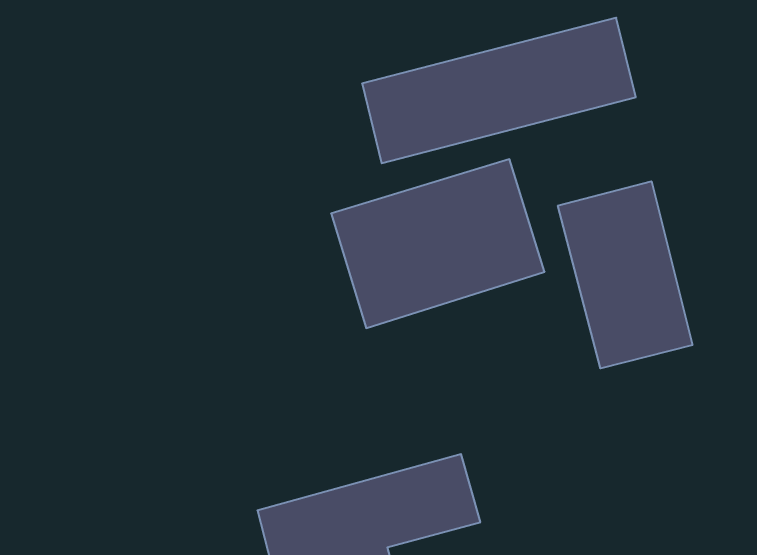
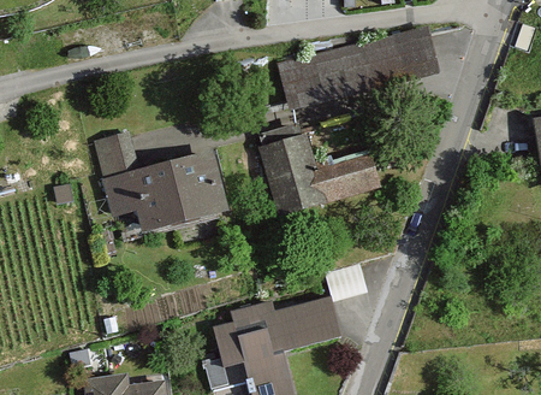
building: [558,181,692,368] -> none
building: none -> [94,131,238,244]

